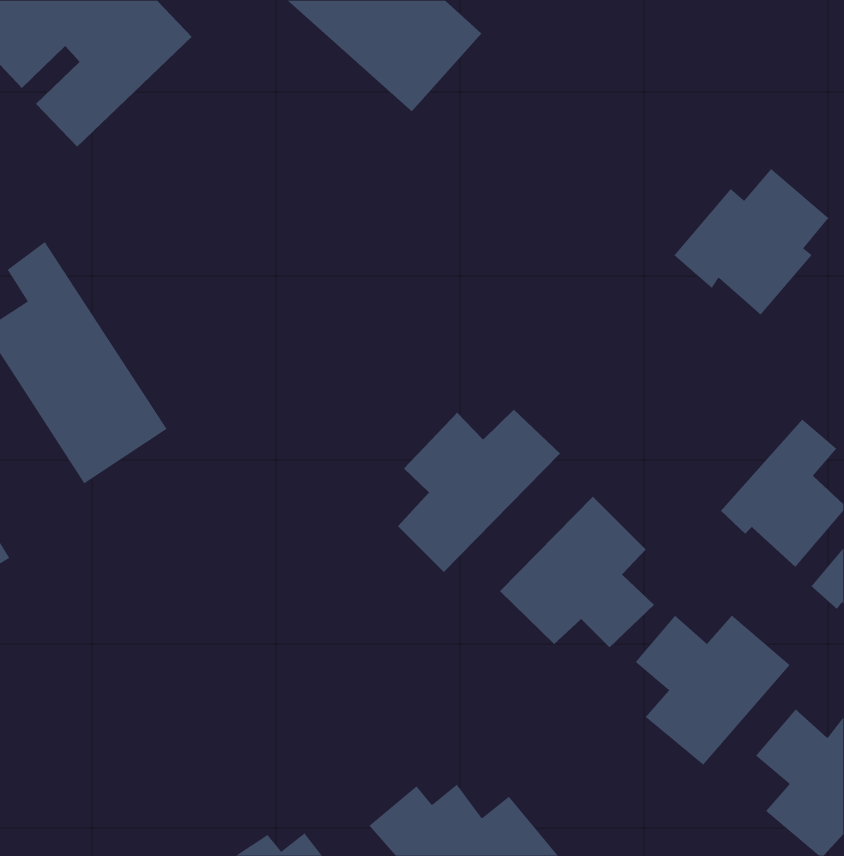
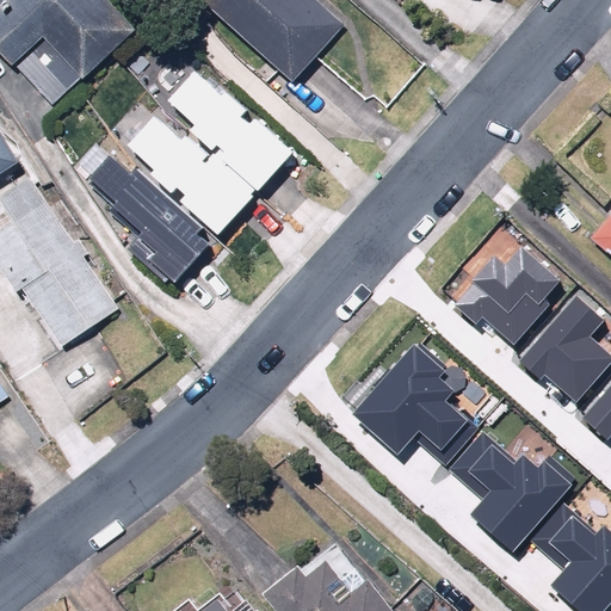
building: none -> [87,68,303,283]
building: [674,168,829,315] -> [443,245,554,350]
building: [397,409,561,573] -> none

